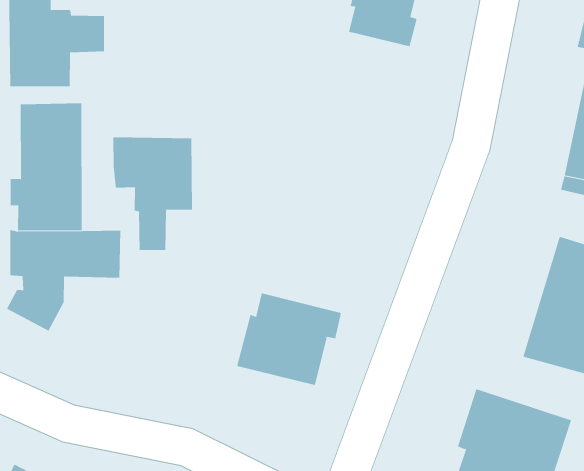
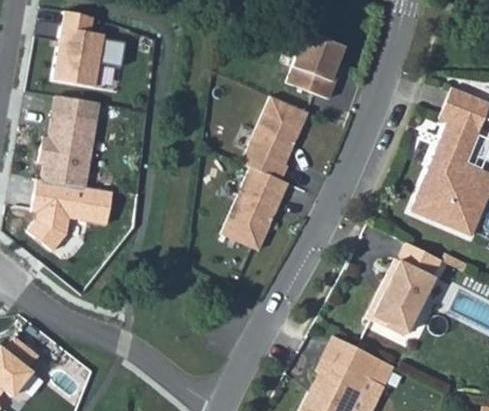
building: none -> [219,95,308,252]
building: [113,137,192,251] -> none
building: [236,292,342,386] -> none

